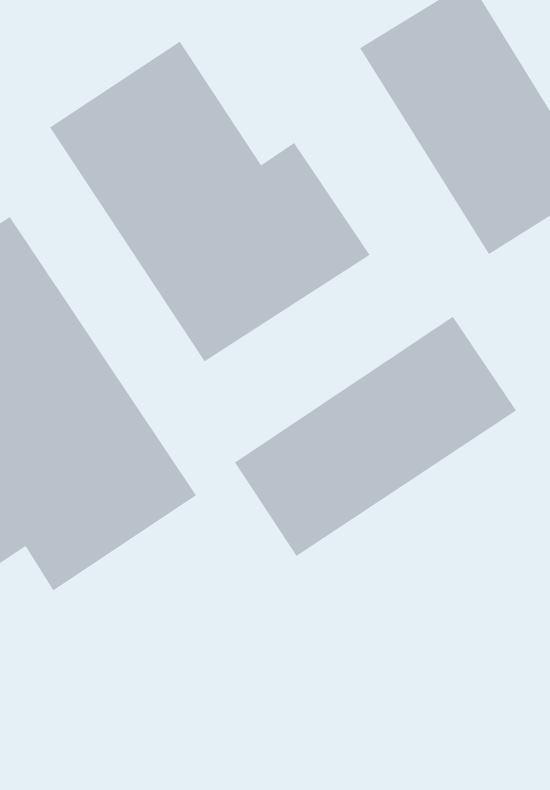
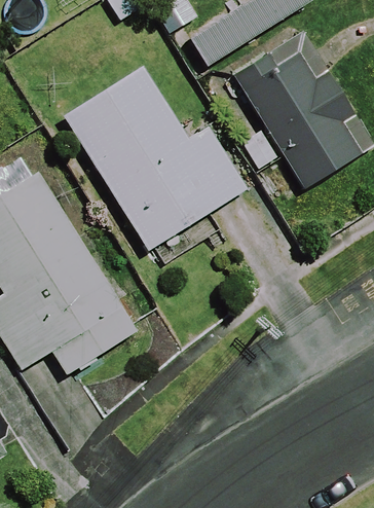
building: [234,316,517,557] -> none

